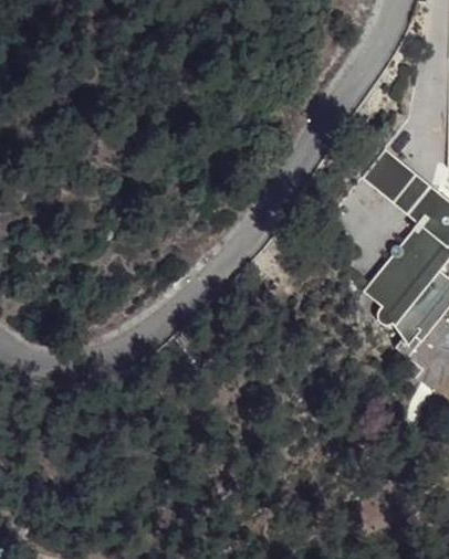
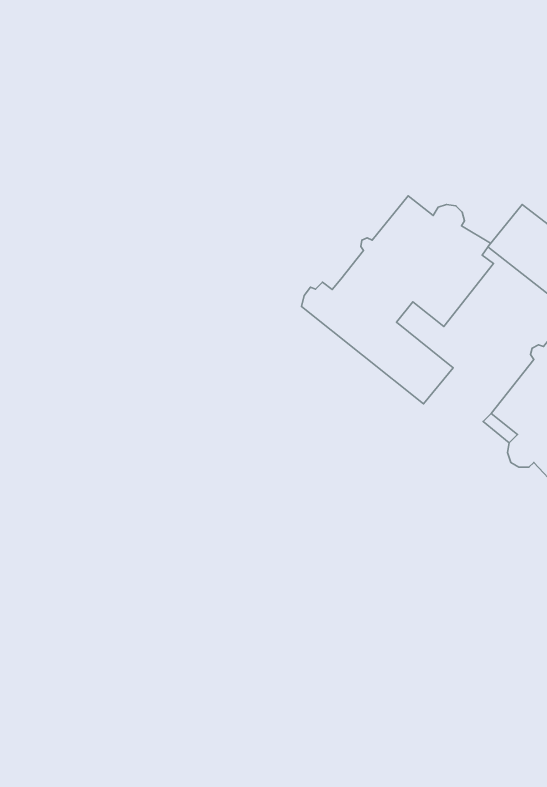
building: none -> [301,196,494,404]

